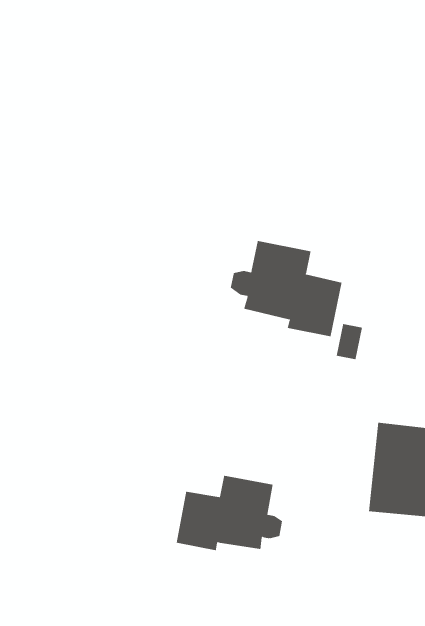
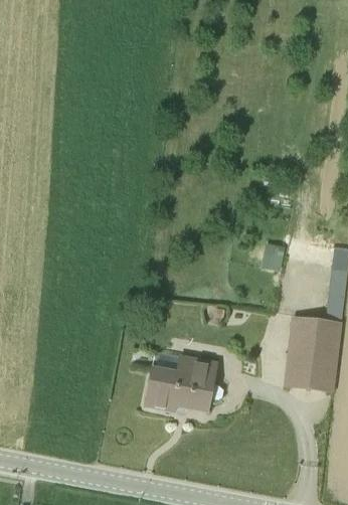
building: [230,240,342,337] -> none

